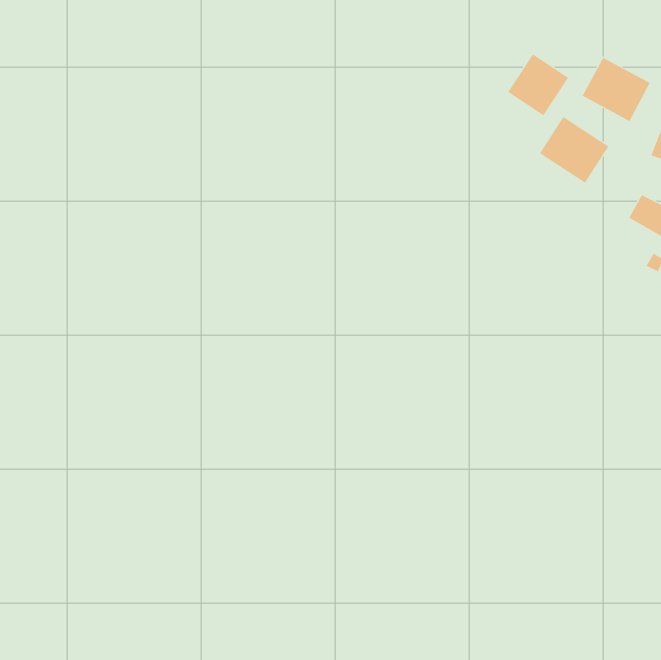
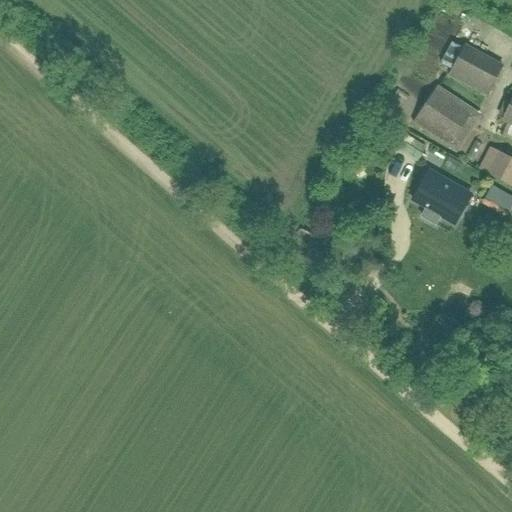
building: [508,54,569,116] -> none
building: none -> [413,170,471,223]

